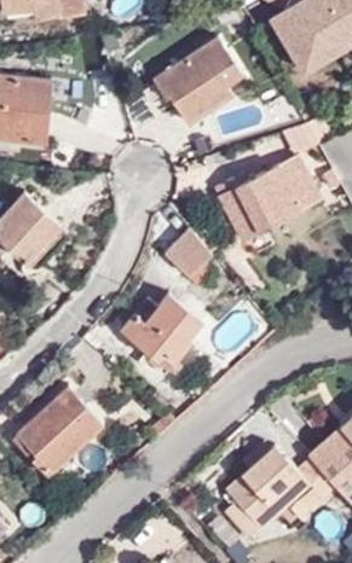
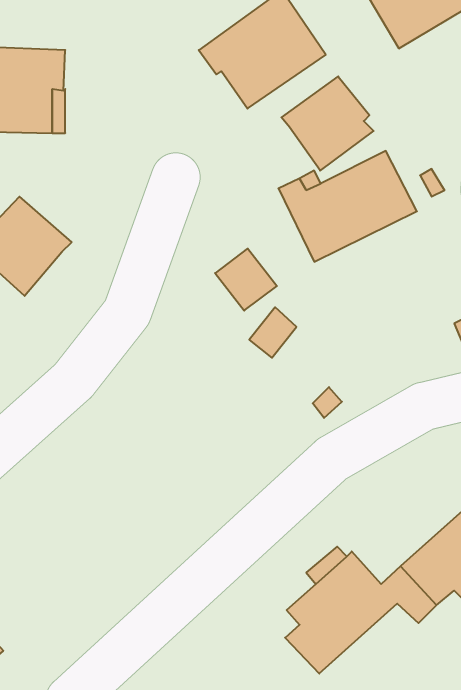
building: none -> [281,76,374,171]
building: [125,290,204,376] -> none
building: [22,384,106,471] -> none

